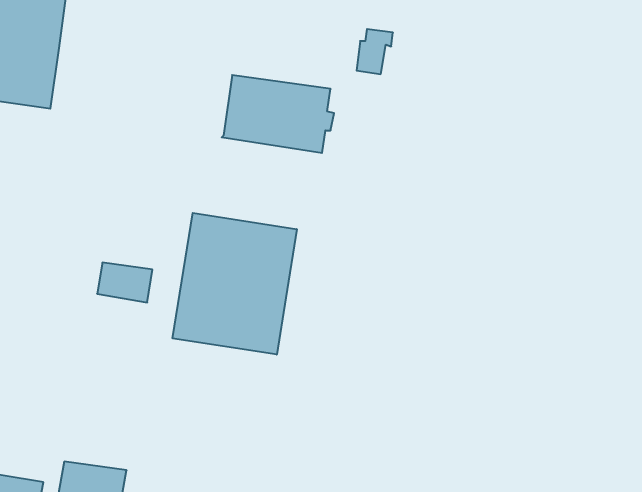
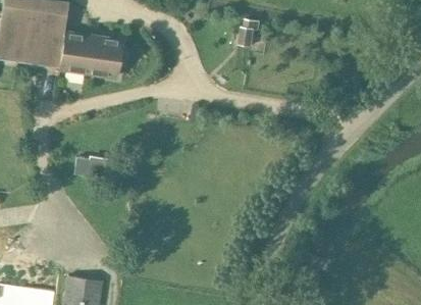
building: [222,75,334,153] -> [56,33,122,79]
building: [173,213,297,355] -> none

